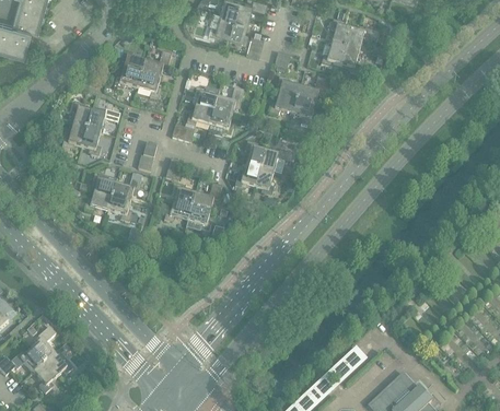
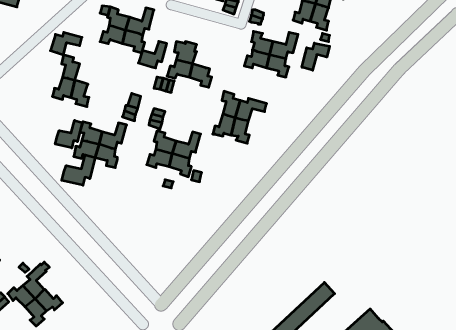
building: [212,87,243,116] -> [138,41,167,68]
building: none -> [302,43,330,70]
building: [85,108,119,132] -> [50,32,82,55]
building: none -> [55,120,82,148]
building: none -> [62,155,95,185]

